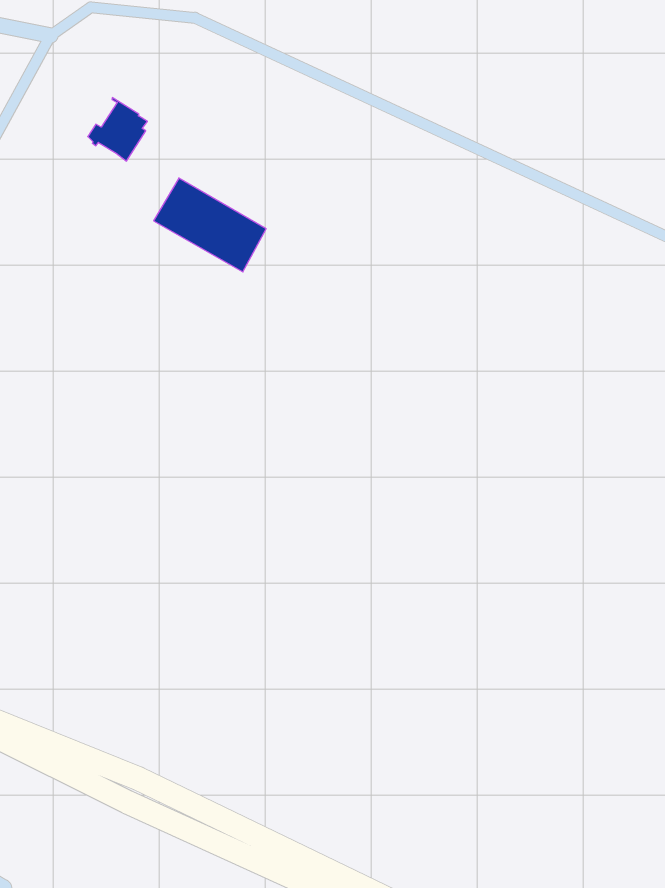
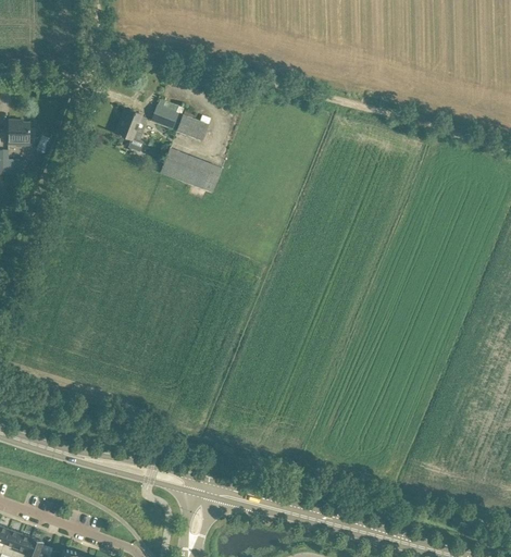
building: none -> [151,104,209,140]

